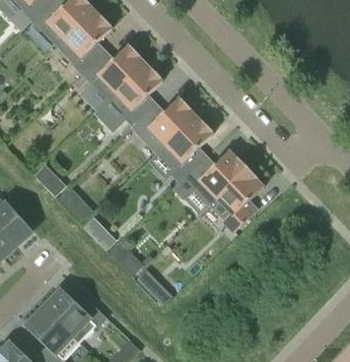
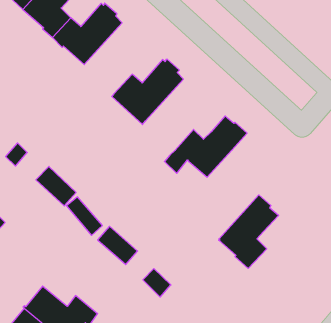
building: [93,63,161,132] -> none
building: [158,116,212,178] -> none
building: [209,167,263,231] -> [219,195,279,268]

